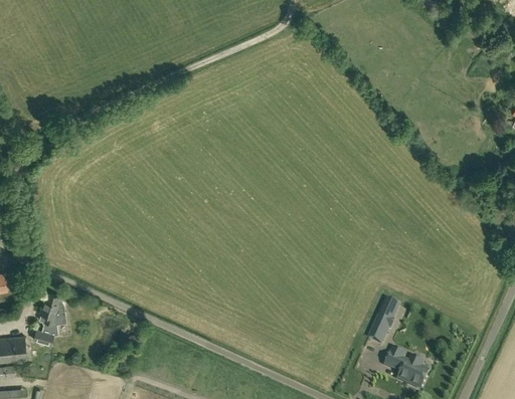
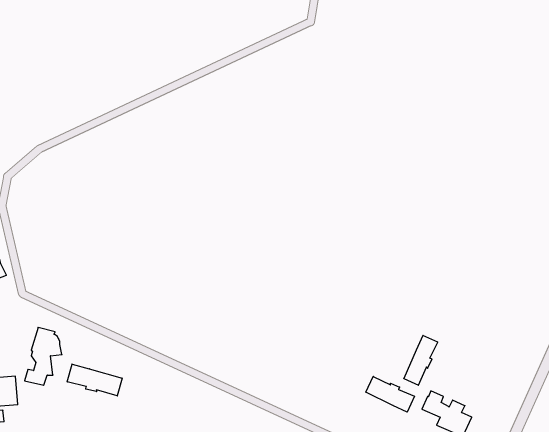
building: none -> [67,364,122,396]
building: none -> [366,376,414,412]

